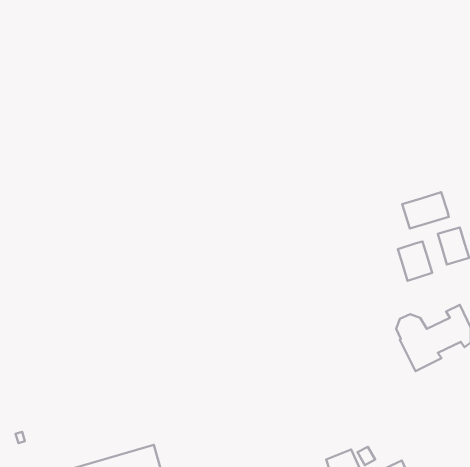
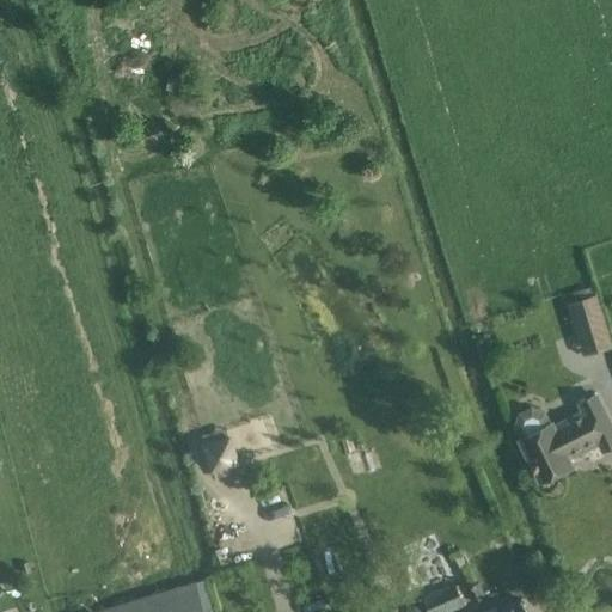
building: [402,192,449,229] -> none
building: [398,241,432,281] -> none

